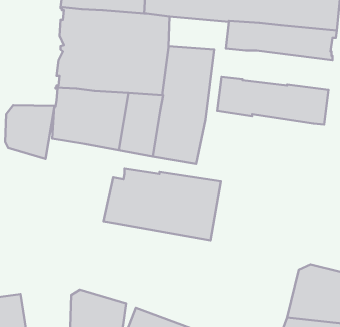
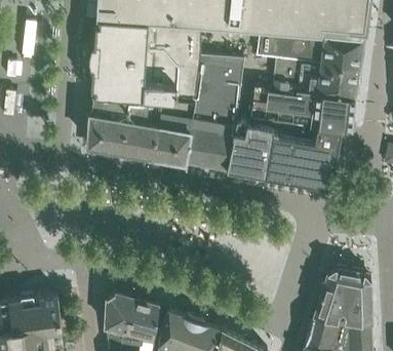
building: none -> [272,61,359,99]
building: [5,105,54,159] -> none
building: [103,169,221,241] -> [227,119,341,189]

